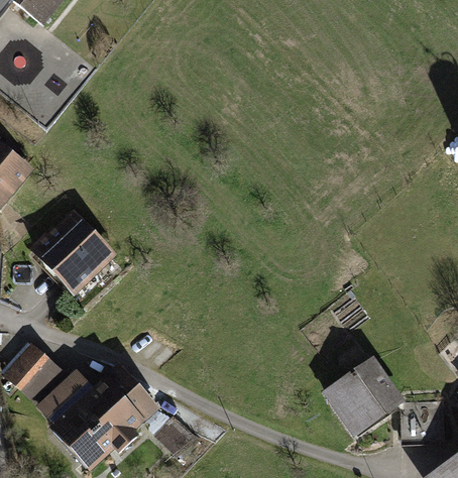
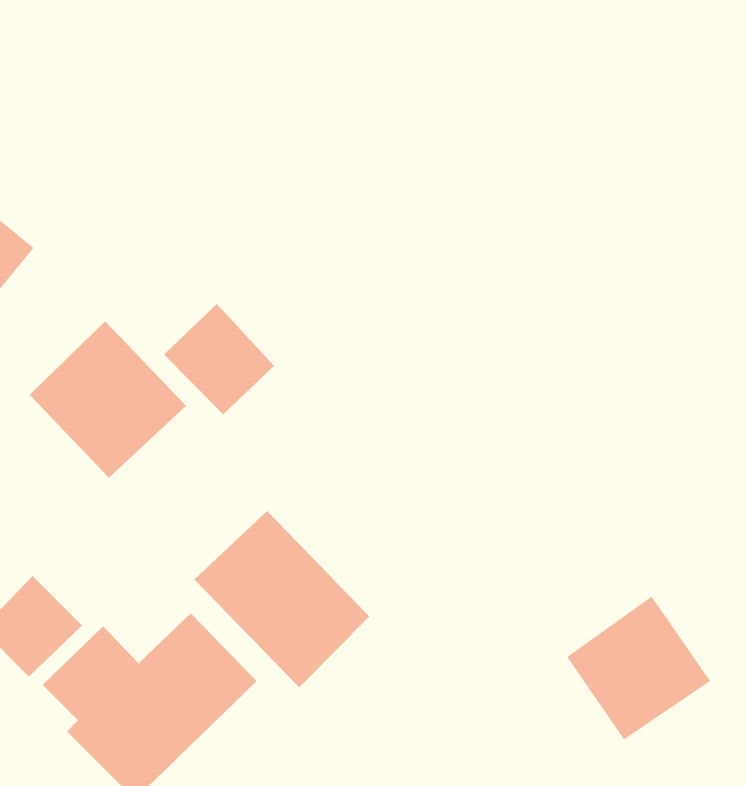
building: none -> [163,303,275,415]
building: none -> [194,510,370,688]

